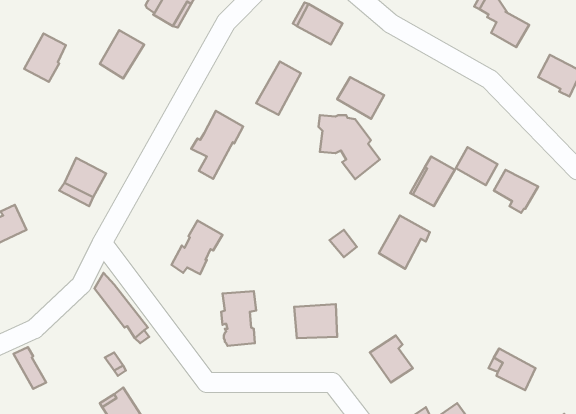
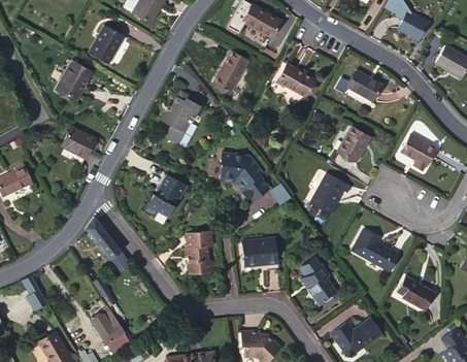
building: [24,33,66,82] -> [57,62,90,100]
building: [319,115,380,179] -> [223,154,271,204]
building: [456,147,498,185] -> [348,71,381,101]
building: none -> [352,230,399,272]

